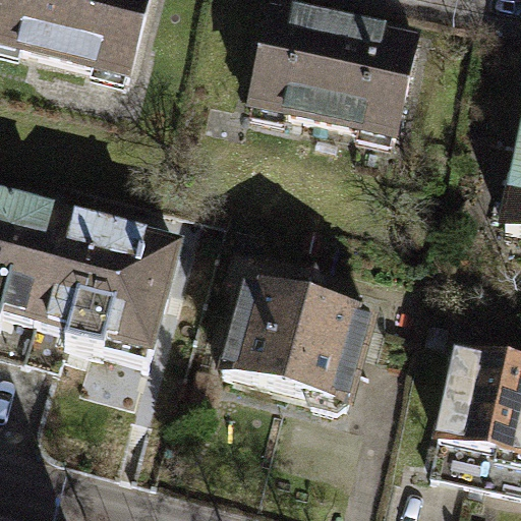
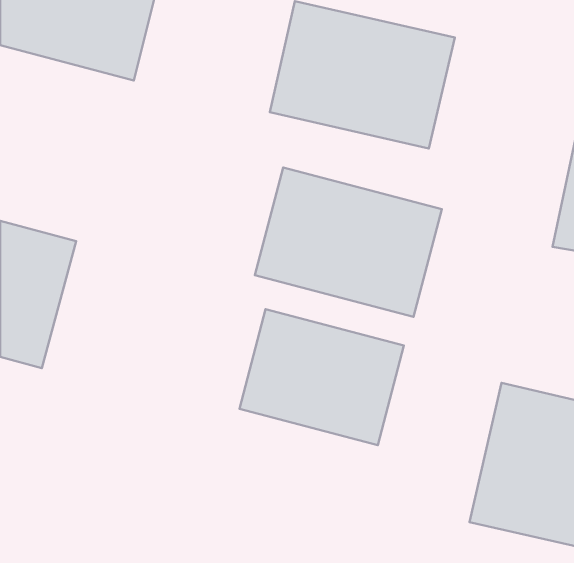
building: none -> [255,168,442,317]
building: [43,217,193,362] -> none

